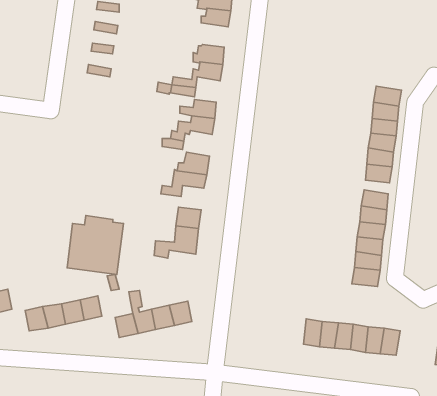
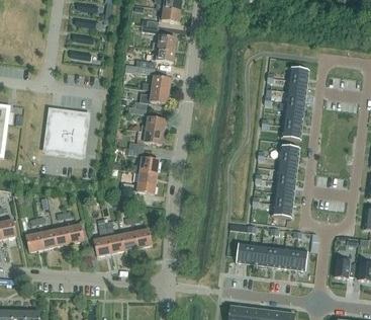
building: [67,215,124,275] -> [45,109,88,154]

